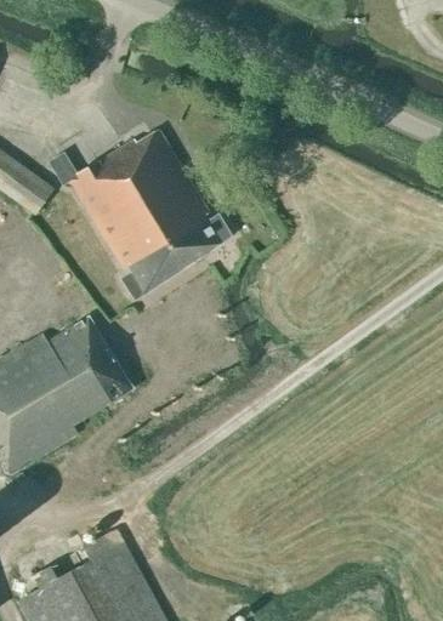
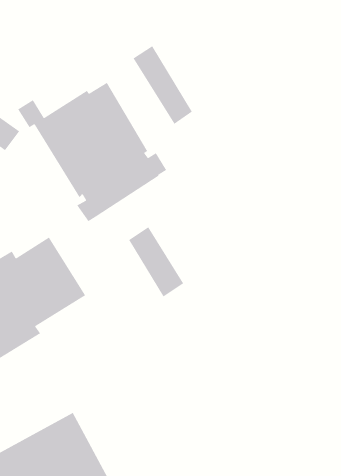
building: none -> [133,45,193,125]
building: none -> [128,226,184,297]

